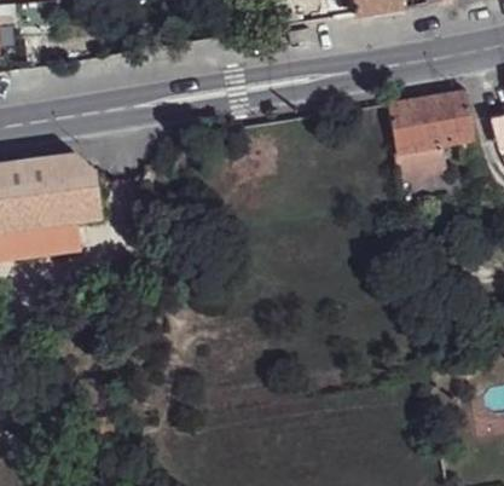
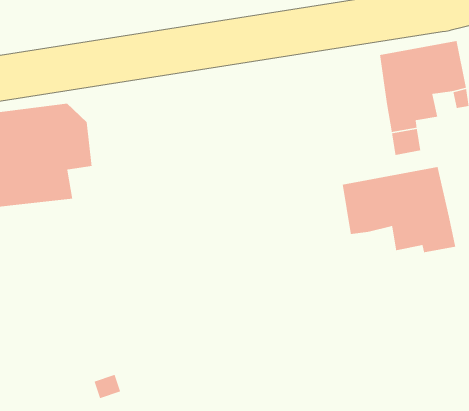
building: none -> [342,166,456,253]

